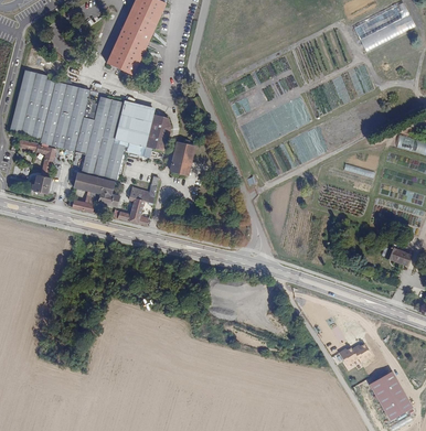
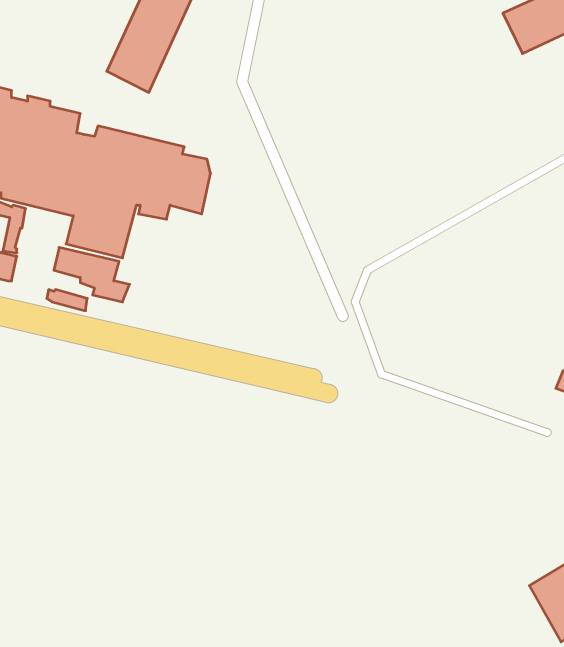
building: [170,139,194,174] -> none
building: [117,183,157,225] -> none
building: [339,342,373,366] -> none

